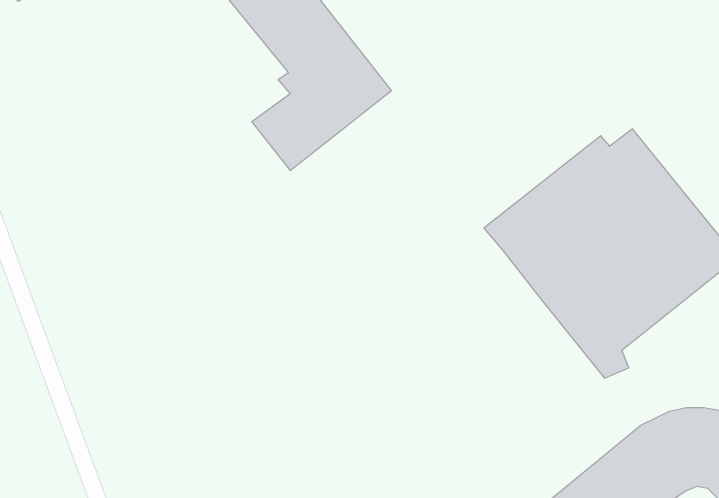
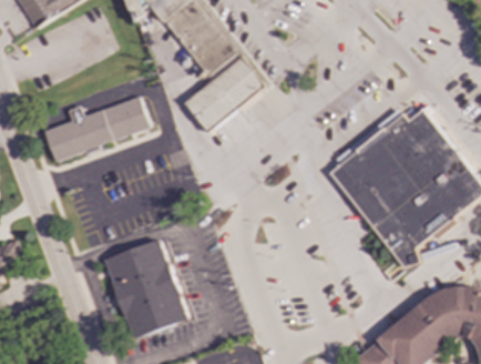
building: none -> [41,98,147,160]
building: none -> [103,240,185,338]

